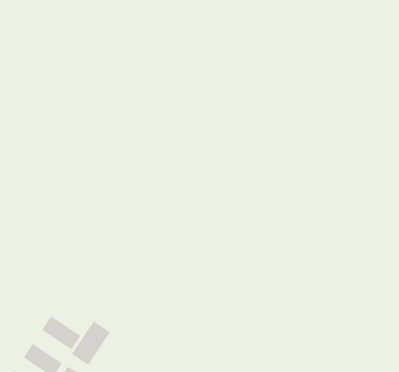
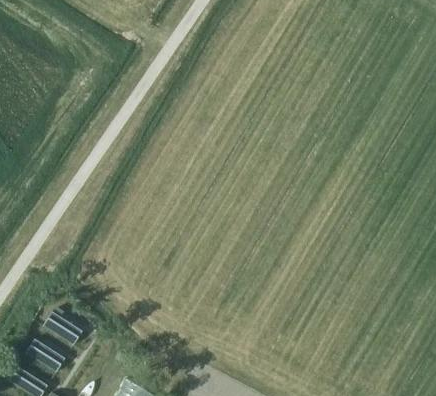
building: [71,320,111,366] -> none

